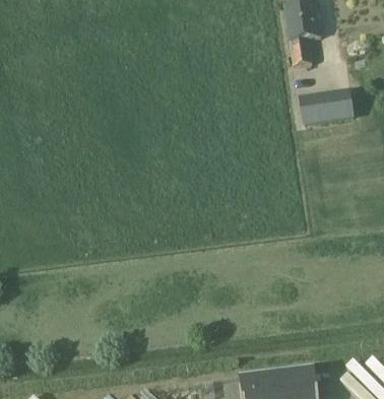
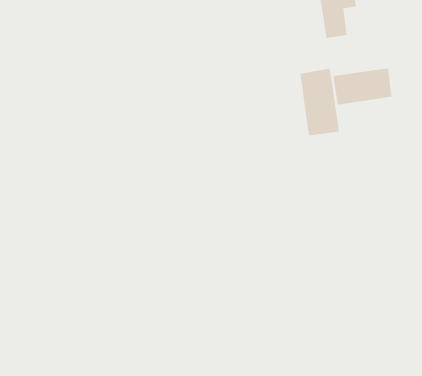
building: none -> [299,68,340,136]

